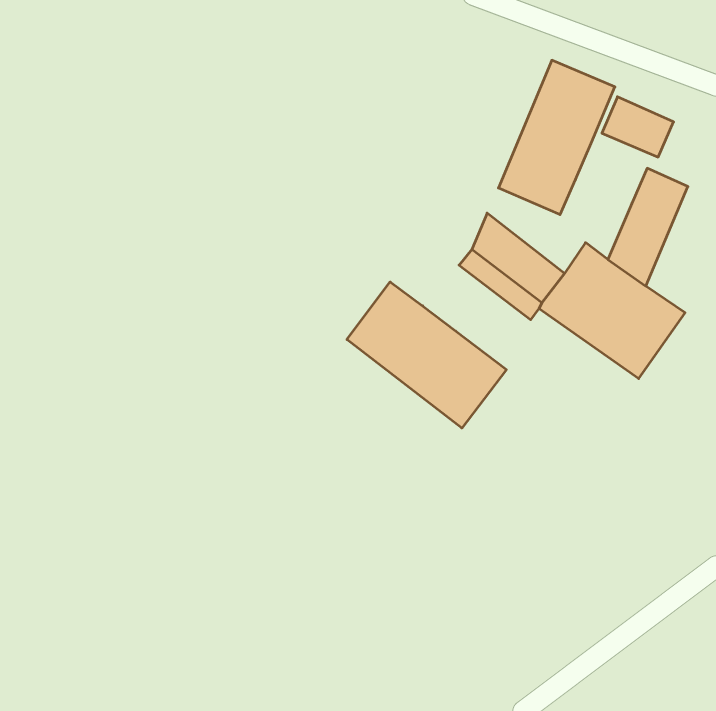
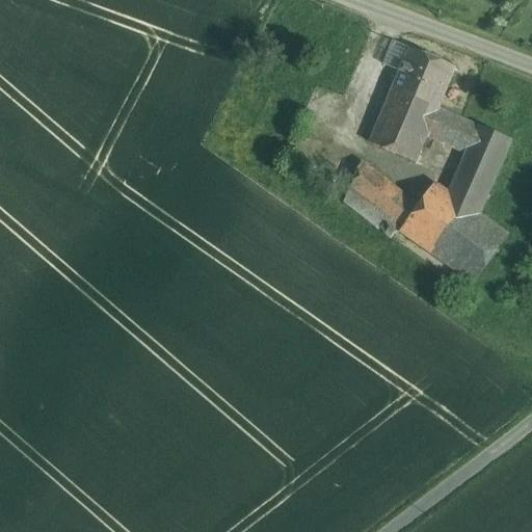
building: [602,97,674,157] -> [426,106,479,151]
building: [347,282,506,428] -> none

